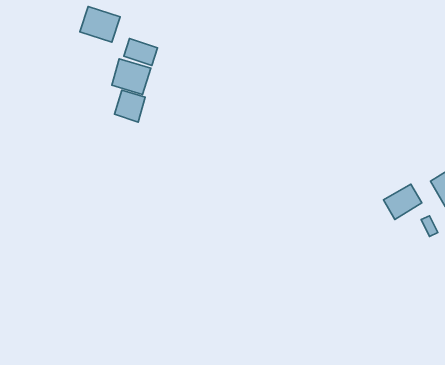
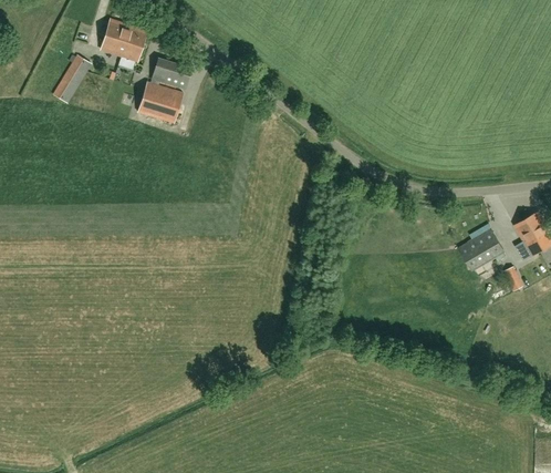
building: none -> [53,55,91,103]
building: [115,90,145,122] -> none

